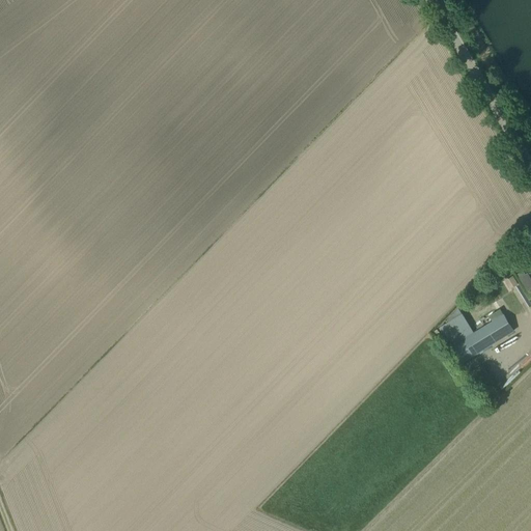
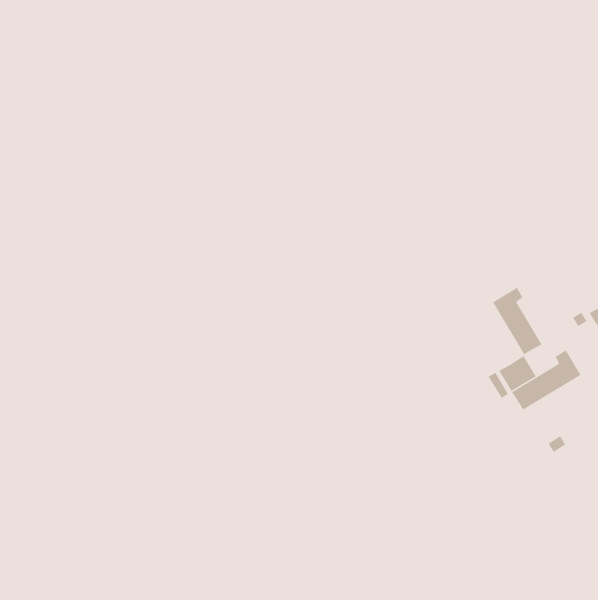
building: none -> [492,287,543,355]

